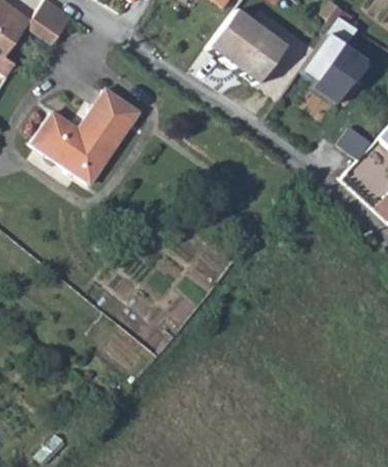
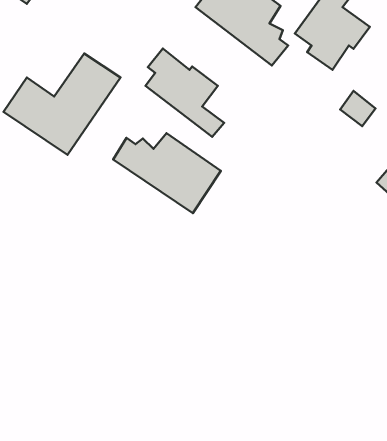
building: none -> [146,49,224,137]
building: none -> [113,133,221,213]

